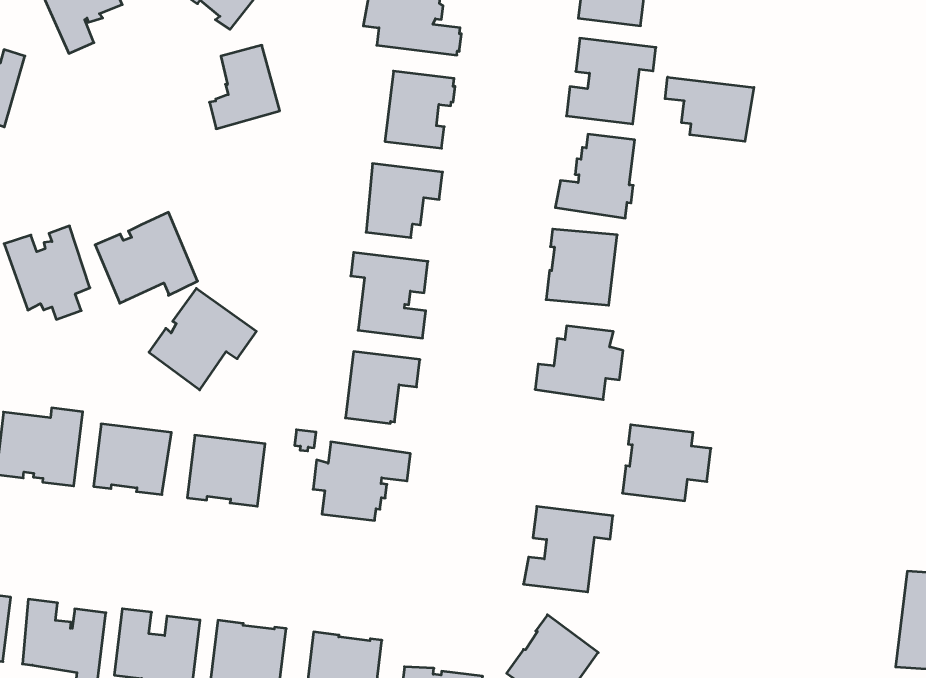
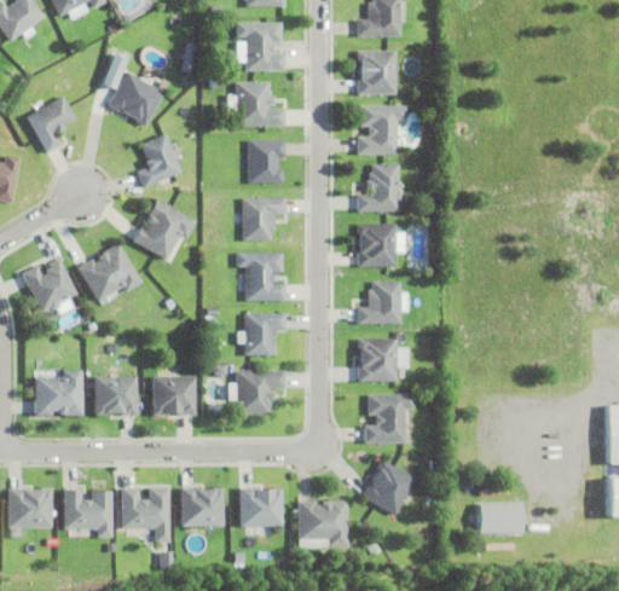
building: [665,77,754,141] -> none
building: [149,288,256,390] -> [133,198,197,260]
building: [622,425,711,501] -> [358,338,409,381]

